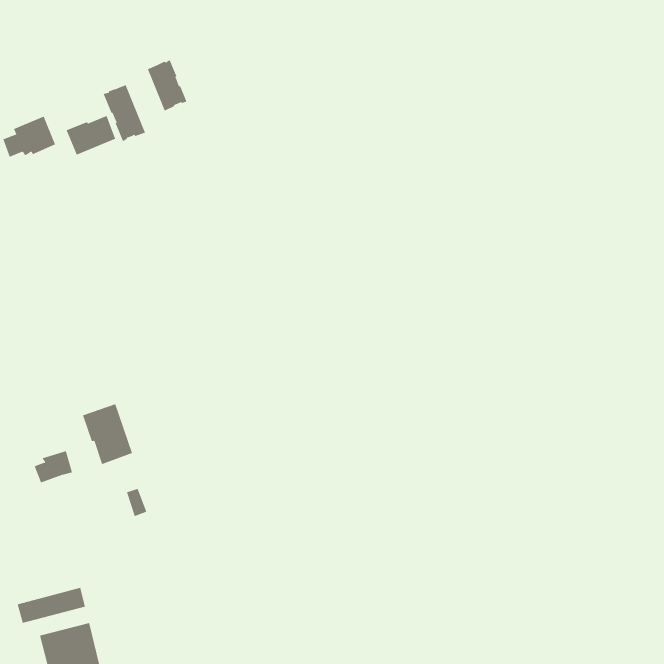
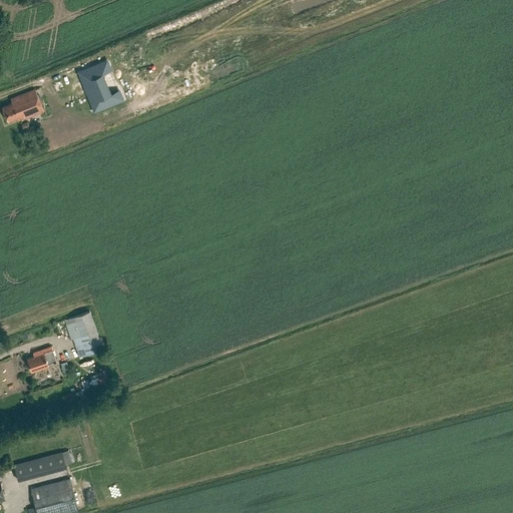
building: [147,59,187,112] -> none
building: [66,115,116,155] -> none

